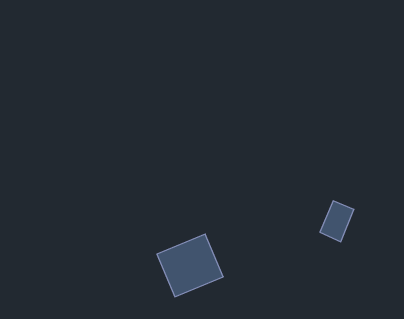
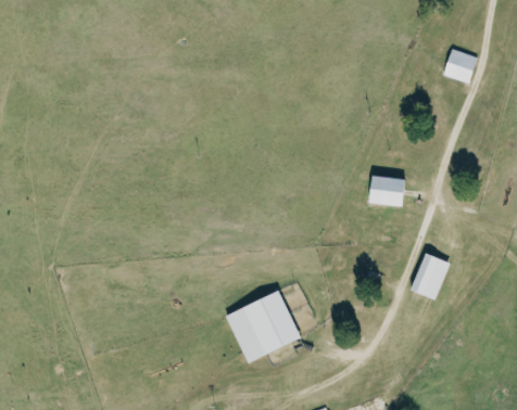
building: none -> [442,49,476,84]
building: none -> [369,175,407,206]

